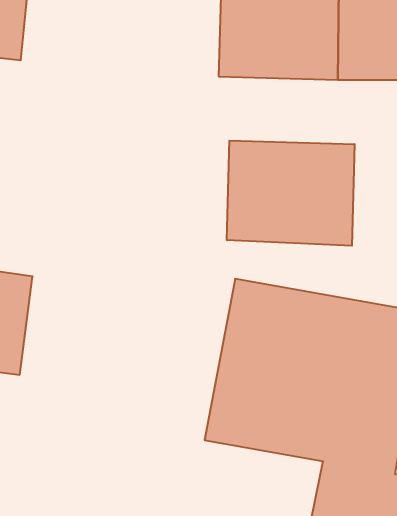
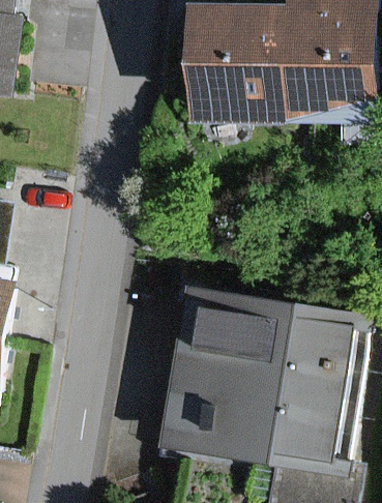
building: [227,141,355,246] -> none

